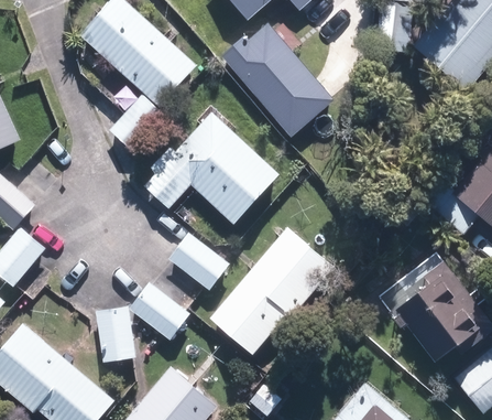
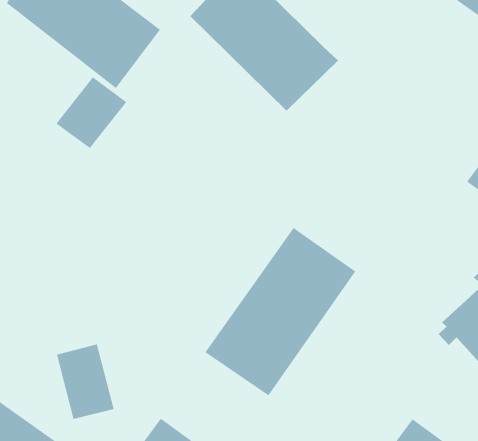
building: [142,111,278,224] -> none
building: [168,231,229,289] -> none
building: [129,281,190,340] -> none

